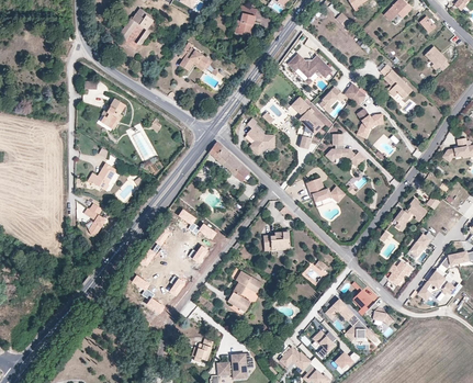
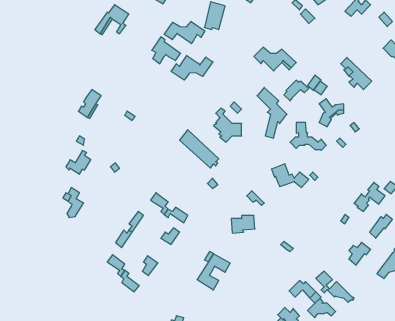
building: none -> [164,21,205,44]
building: none -> [171,55,213,80]

